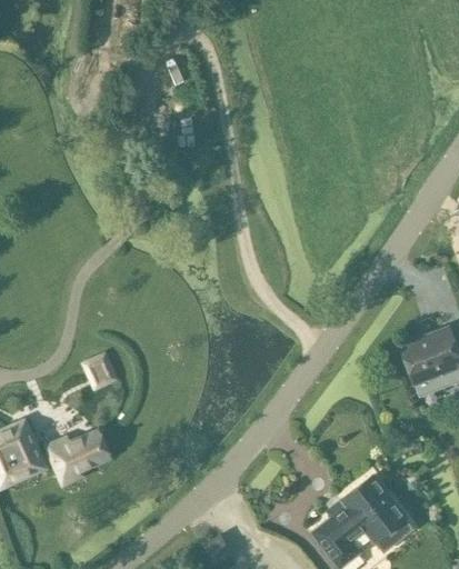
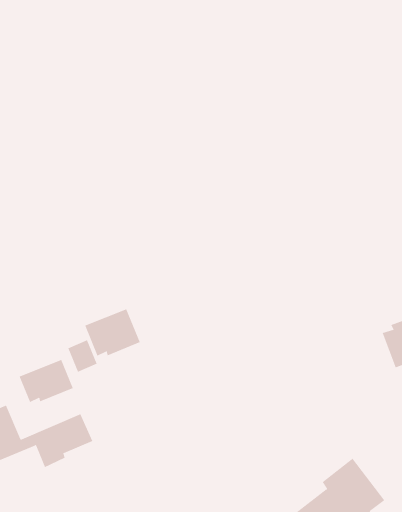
building: none -> [84,308,141,356]
building: none -> [19,359,74,403]

